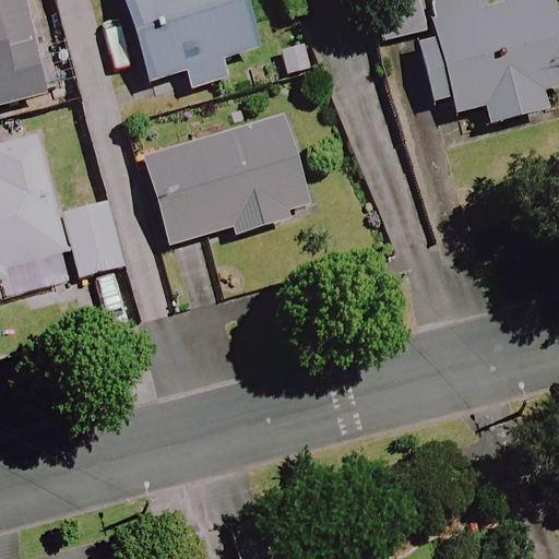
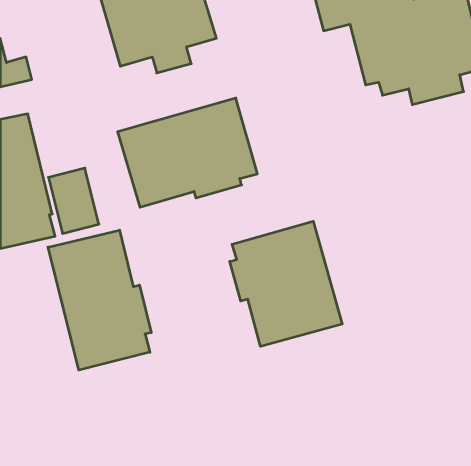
building: none -> [230,221,342,346]
building: none -> [48,230,151,370]

